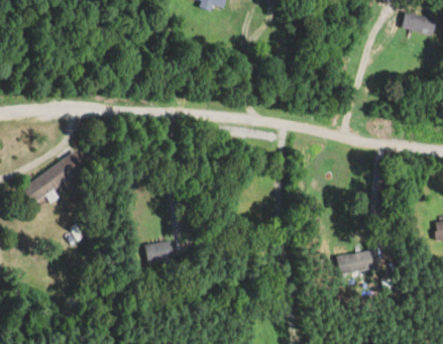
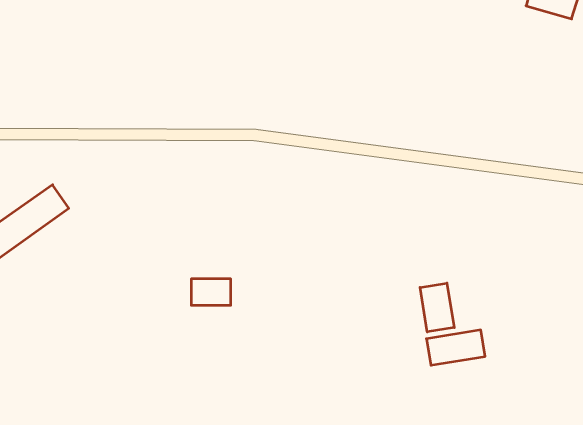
building: none -> [420,283,454,332]
building: [145,242,173,260] -> [191,279,231,305]

